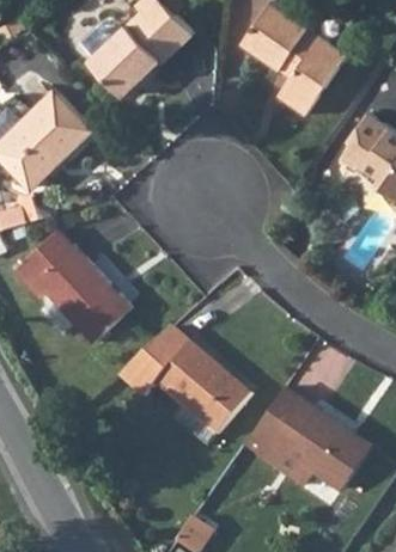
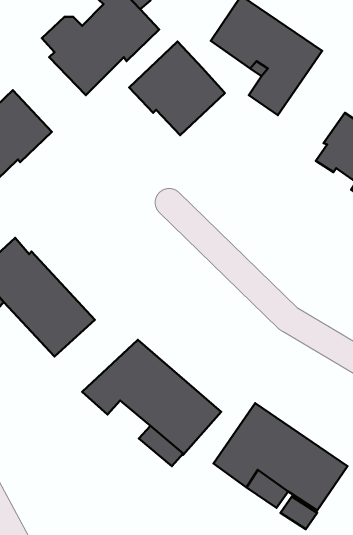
building: none -> [129,41,225,135]

